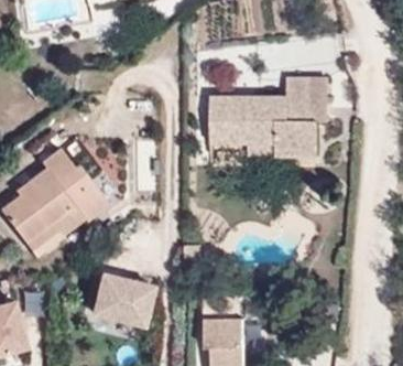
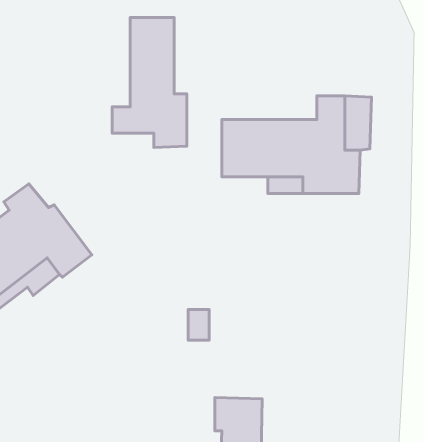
building: none -> [112,18,187,147]
building: [91,276,151,327] -> none

